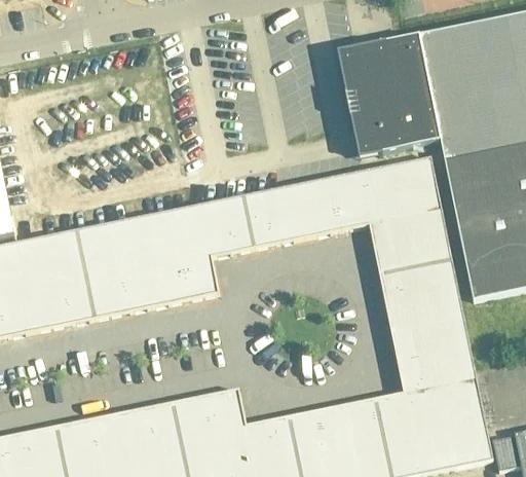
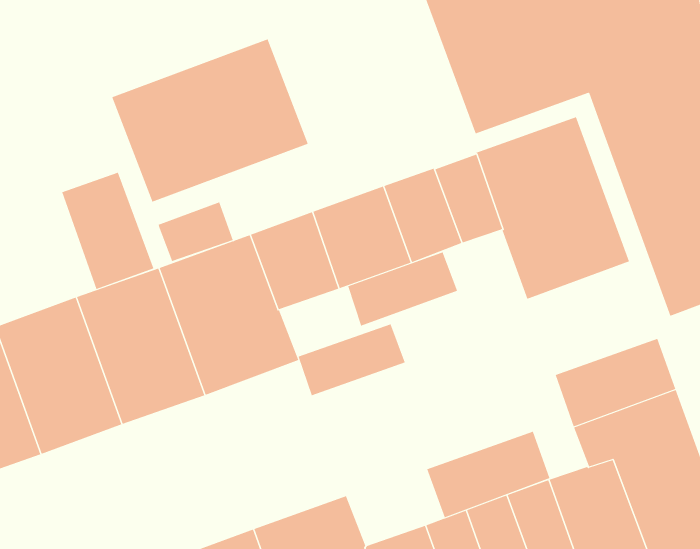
building: none -> [112,39,308,202]
building: none -> [61,172,154,290]
building: none -> [158,201,234,262]
building: none -> [348,251,458,326]
building: [379,258,463,327] -> none
building: none -> [298,323,406,396]
building: none -> [427,431,550,518]

